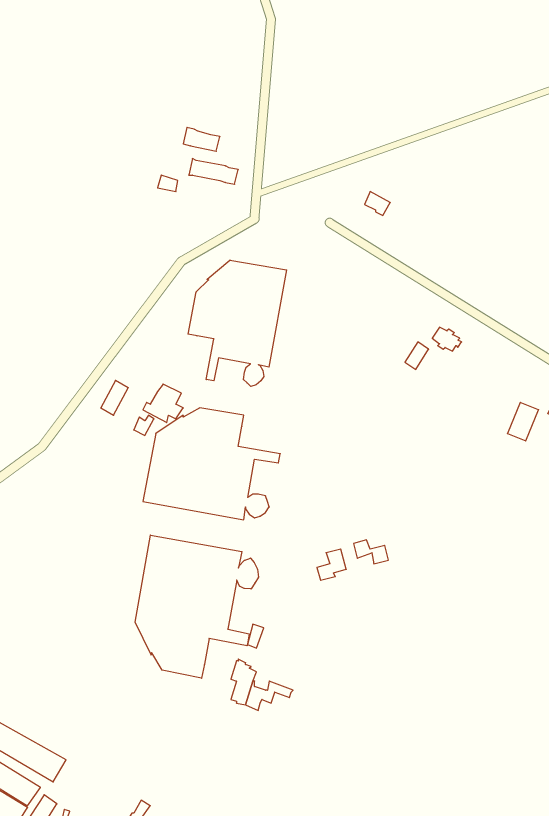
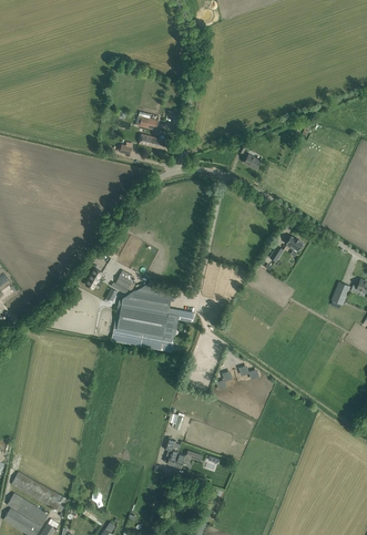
building: [188,260,287,386] -> none
building: [135,535,258,678] -> none

